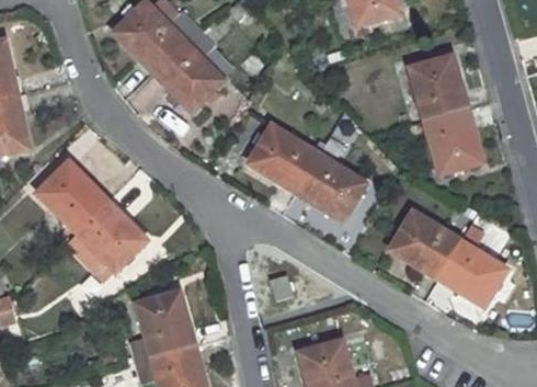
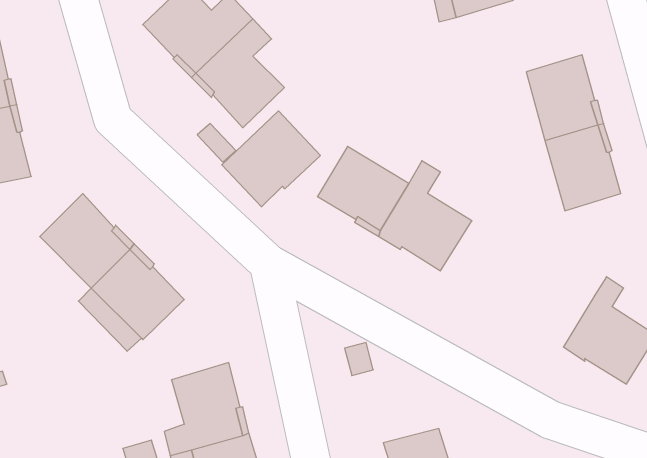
building: none -> [222,111,320,207]
building: [391,212,461,278] -> none

